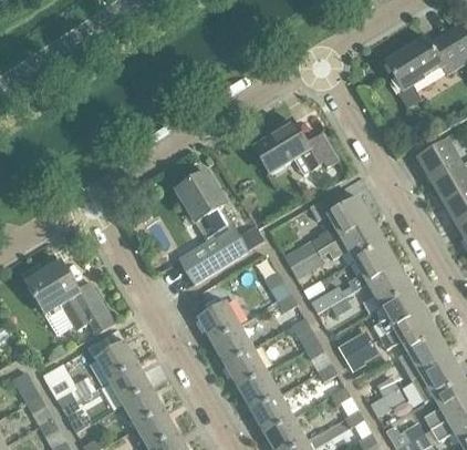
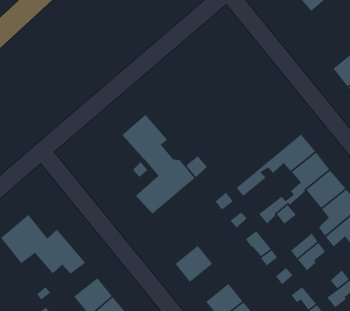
building: [255,120,338,176] -> none
building: [283,190,371,268] -> none
building: [197,300,239,340] -> none
building: [224,347,266,387] -> none

